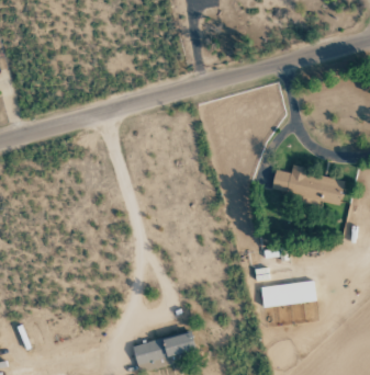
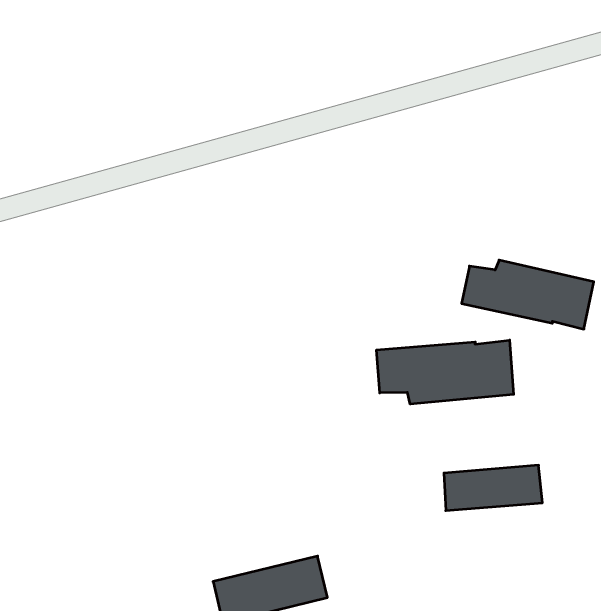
building: none -> [377,340,514,404]

